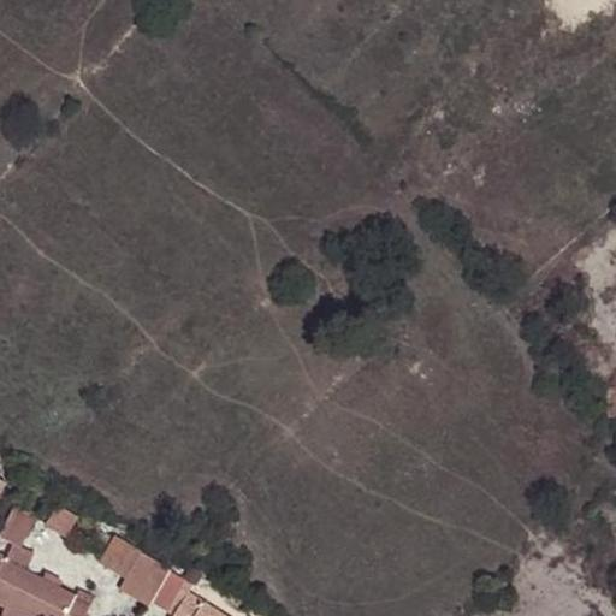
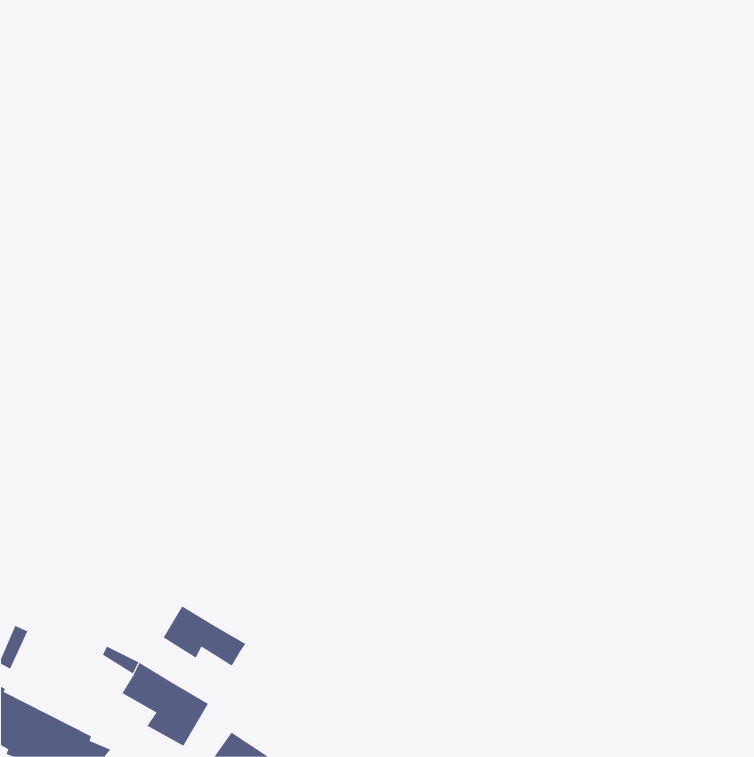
building: none -> [163,605,246,667]

